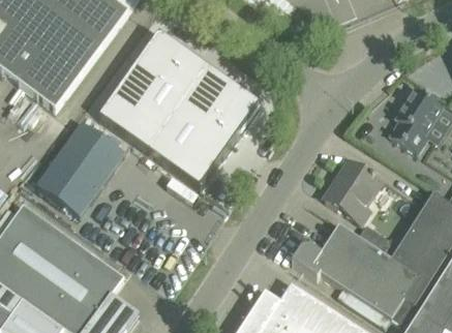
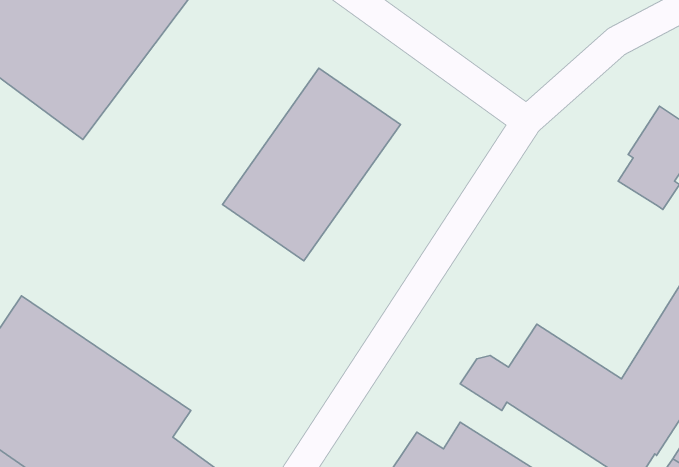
building: [93,30,204,150] -> none
building: [37,122,125,216] -> none
building: [325,161,381,222] -> none

